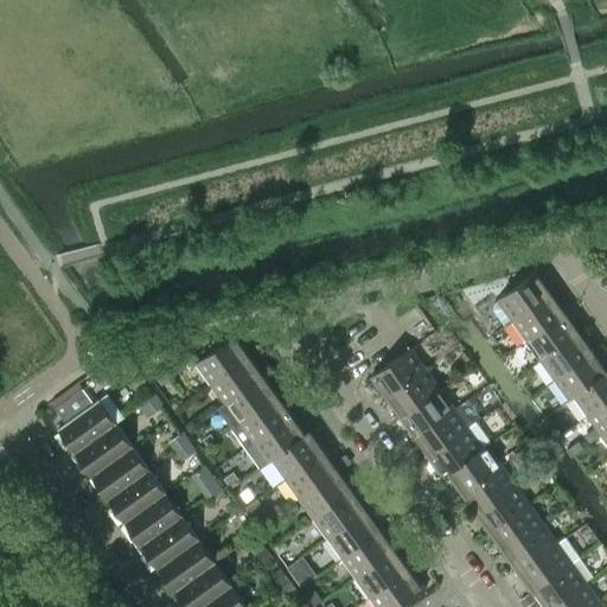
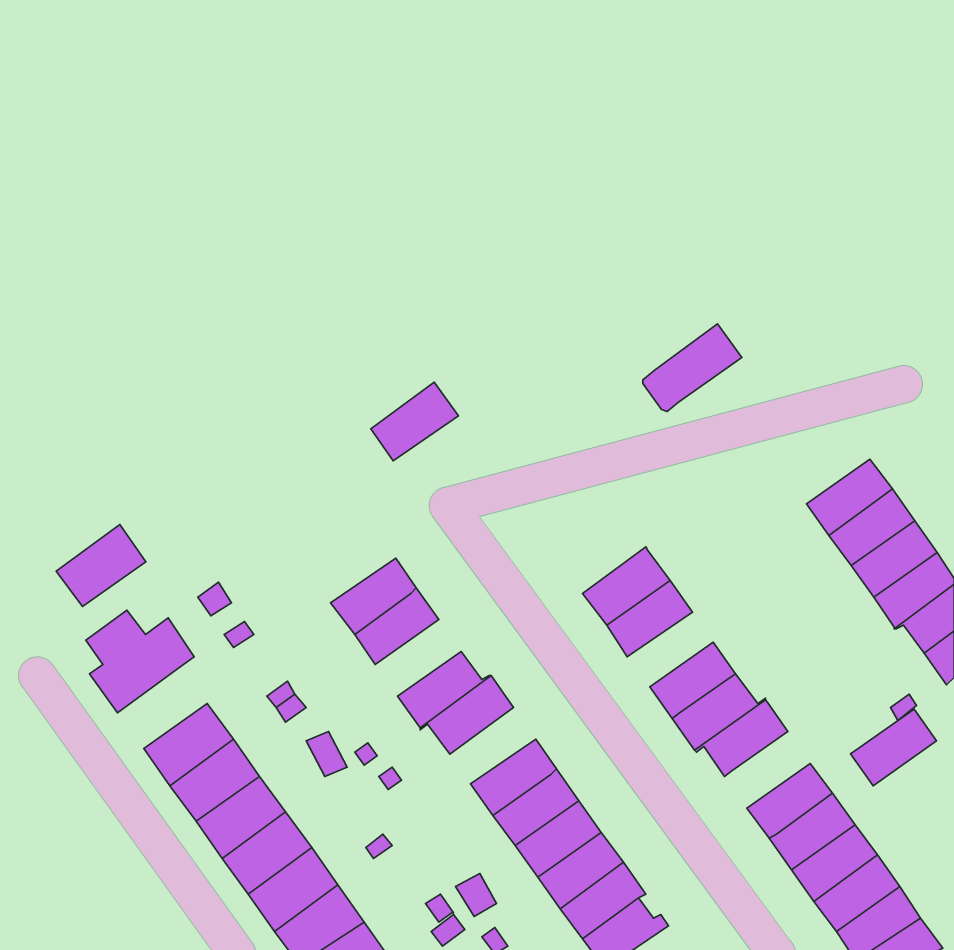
building: [490,273,552,328] -> [643,324,742,411]
building: [196,336,251,385] -> [371,382,458,461]
building: [398,391,453,439] -> none
building: [238,396,293,445] -> none
building: [75,426,132,478] -> [56,524,146,607]
building: [286,452,340,500] -> none
building: [460,467,515,516] -> [851,709,936,786]

